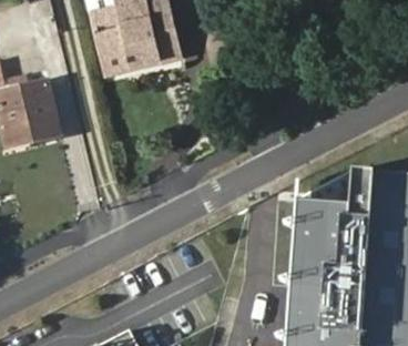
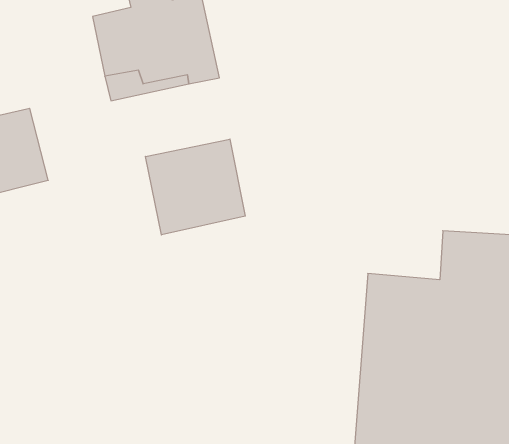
building: none -> [145,139,245,235]

